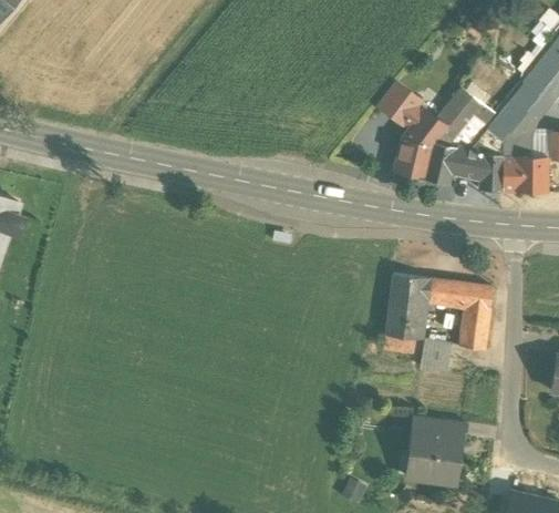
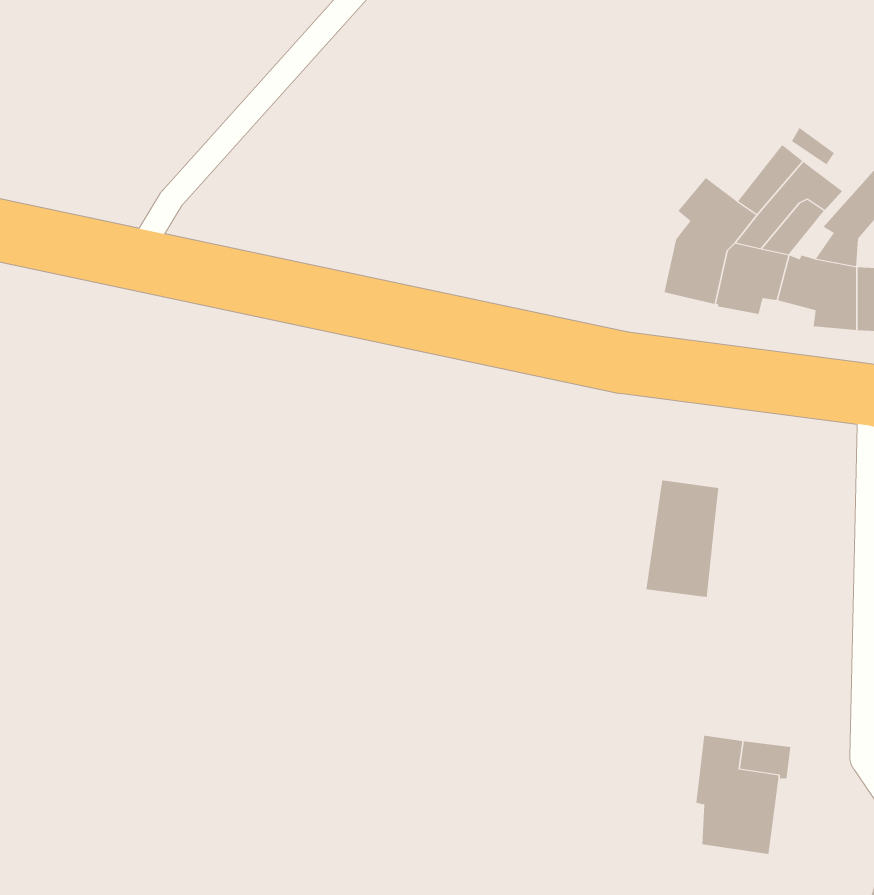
building: [379,83,420,125] -> none
building: [423,279,491,351] -> none
building: [420,341,452,371] -> none

